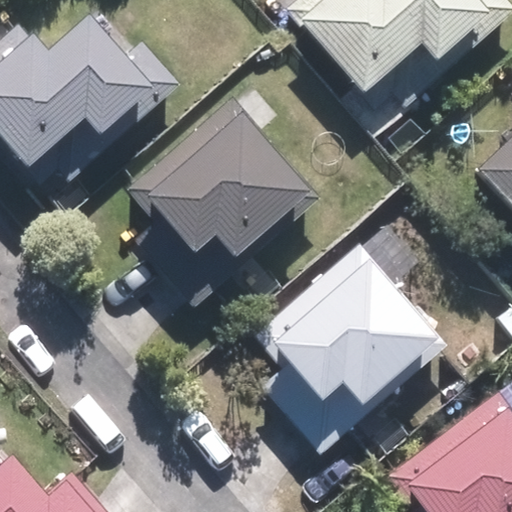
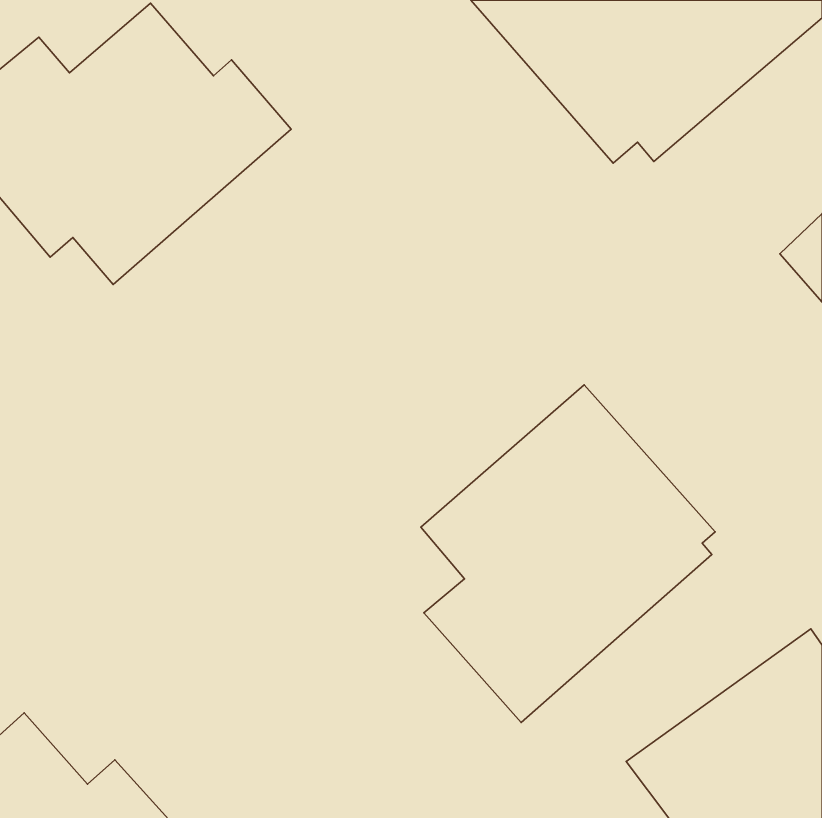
building: [128,99,319,305] -> none

